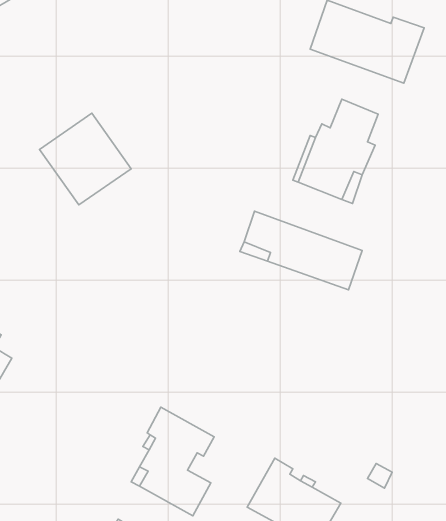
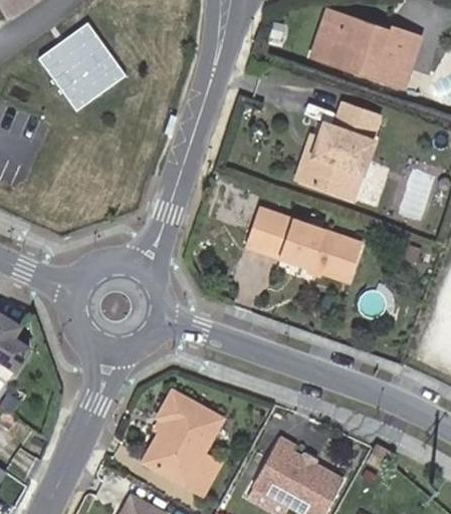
building: [39,113,131,205] -> [35,25,122,111]

